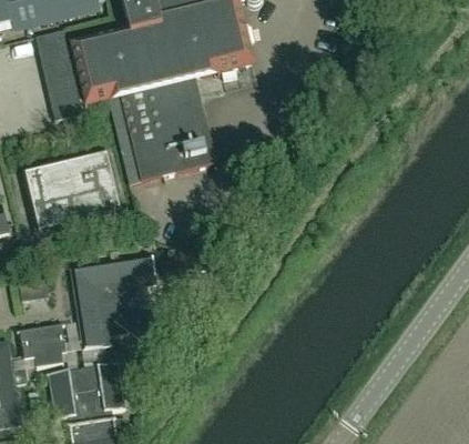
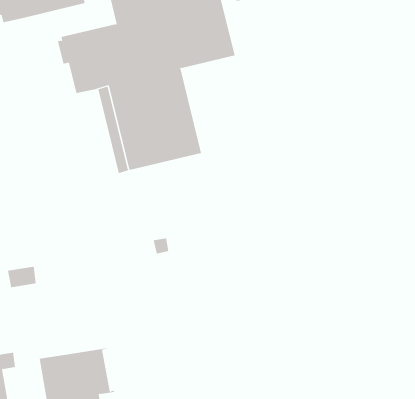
building: [35,29,82,119] -> none
building: [23,150,122,231] -> none
building: [72,249,169,350] -> none
building: [17,322,67,365] -> none

